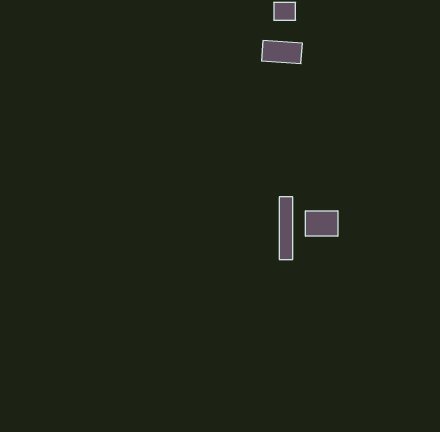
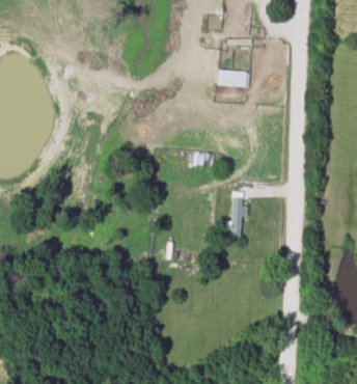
building: [306,211,338,236] -> none

